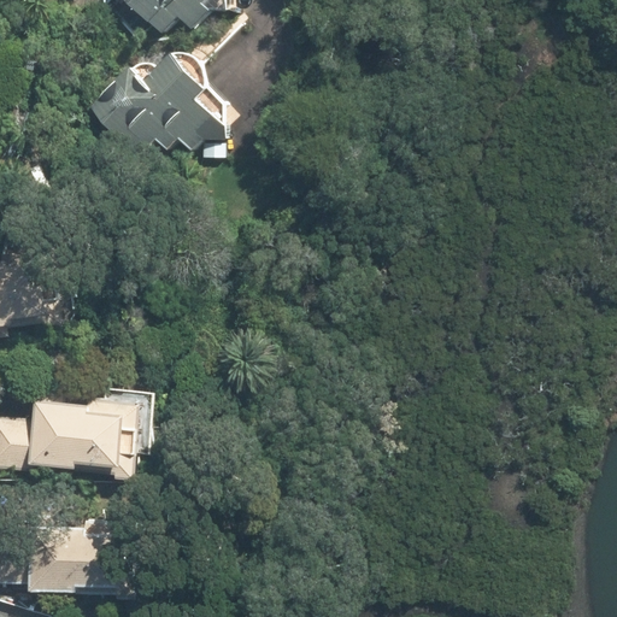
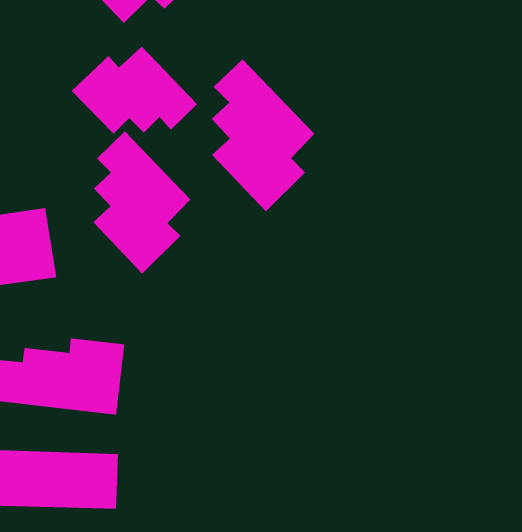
building: none -> [211,58,315,212]
building: none -> [92,131,191,274]

